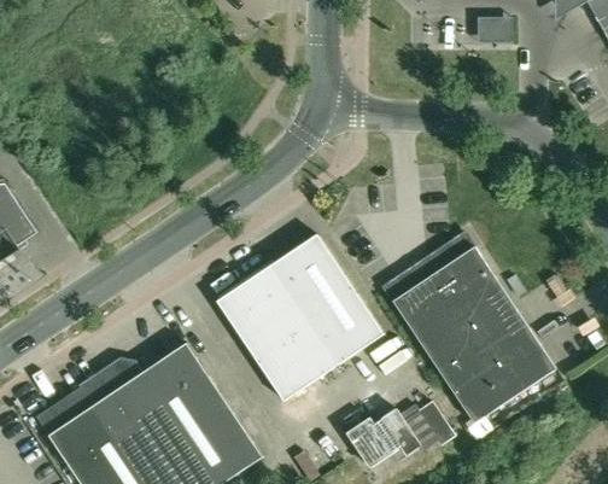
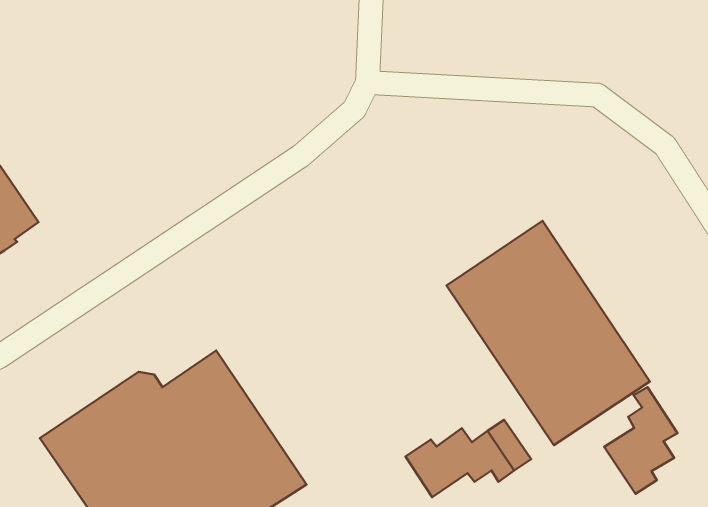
building: [217,234,384,402] -> none
building: none -> [604,387,677,494]

